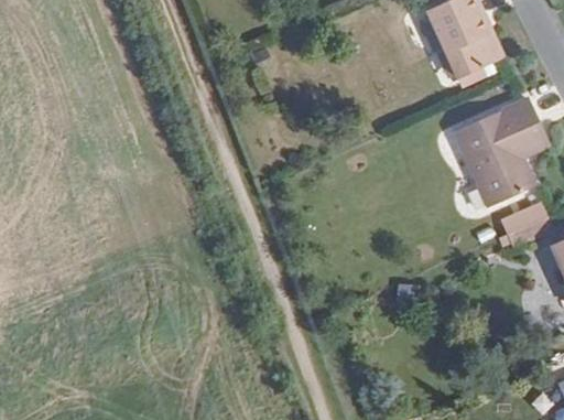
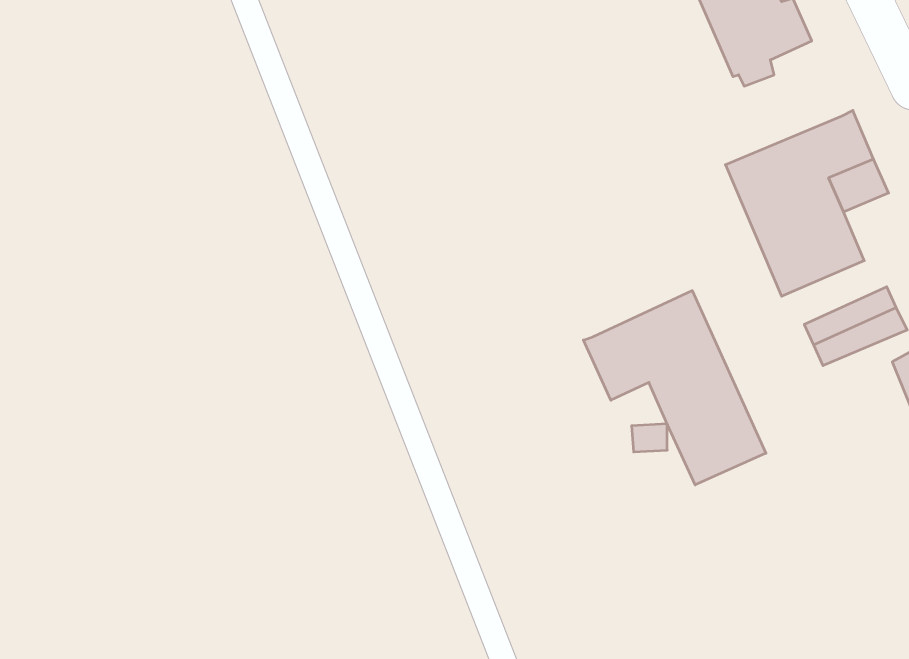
building: none -> [583,291,766,485]

